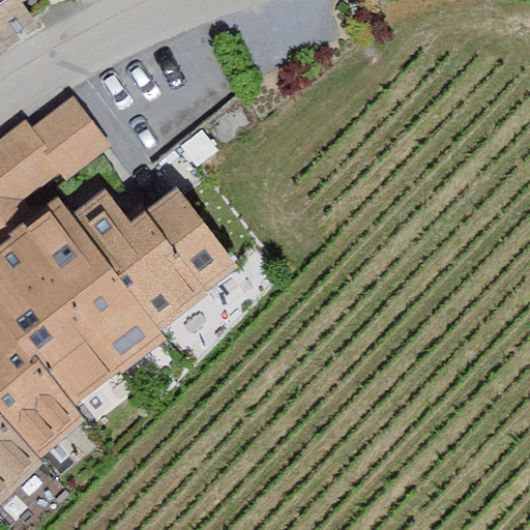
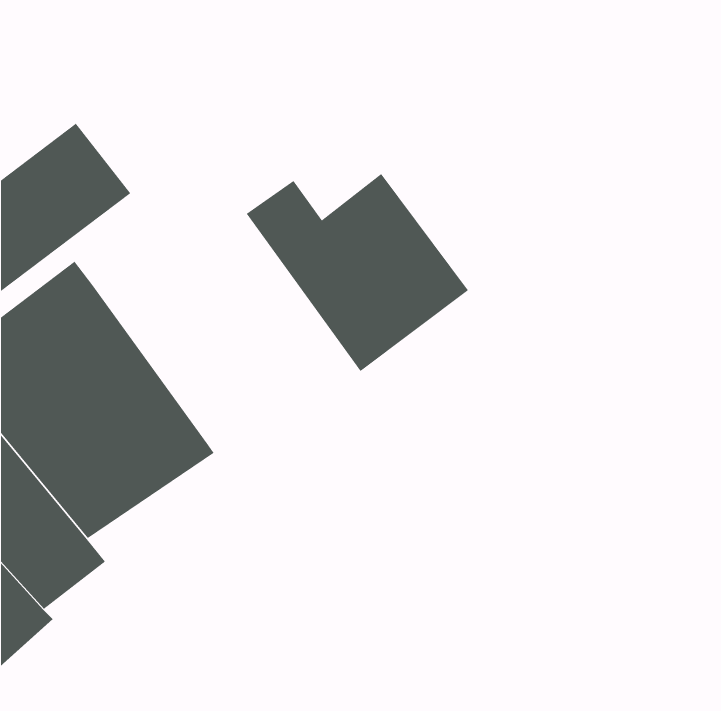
building: [68,186,232,332] -> [246,173,469,372]

